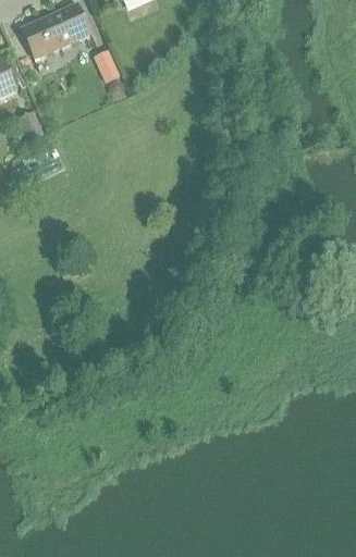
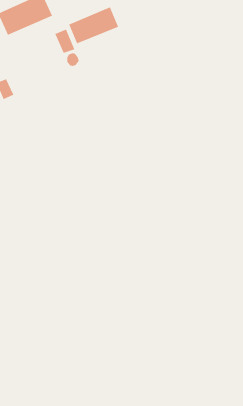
building: none -> [69,6,119,44]

